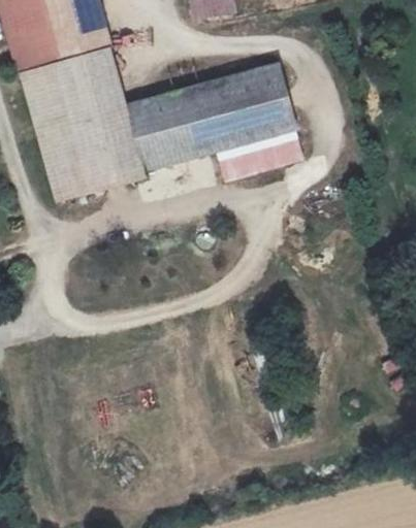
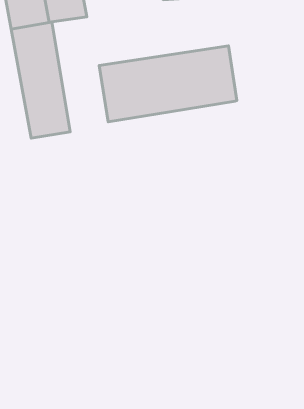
building: [66,46,141,186] -> none
building: [218,129,301,178] -> none

